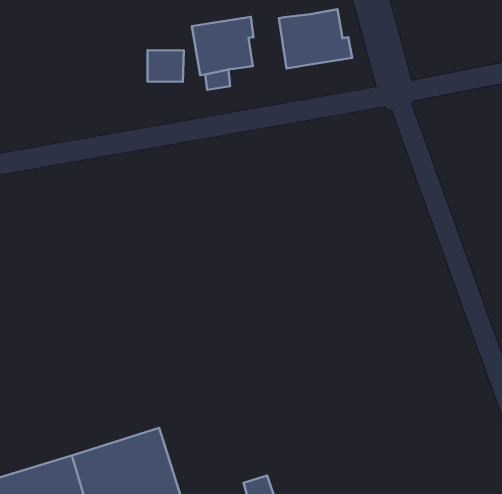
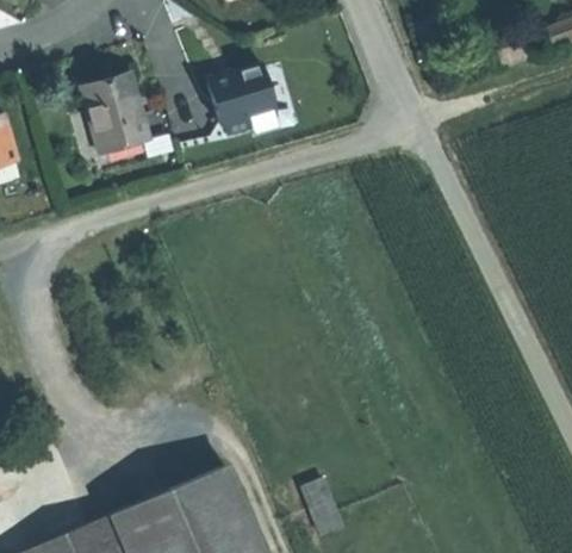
building: [279,9,352,69] -> none
building: none -> [82,73,154,153]

